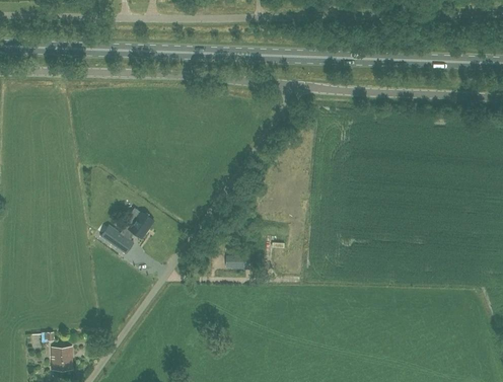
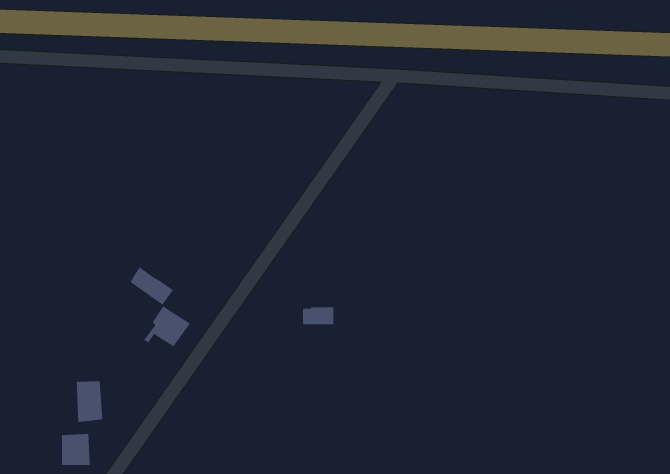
building: [119,207,153,237] -> [143,305,191,347]
building: none -> [76,380,103,423]

